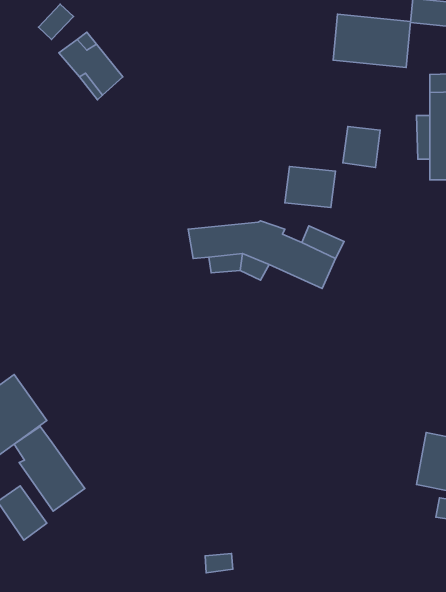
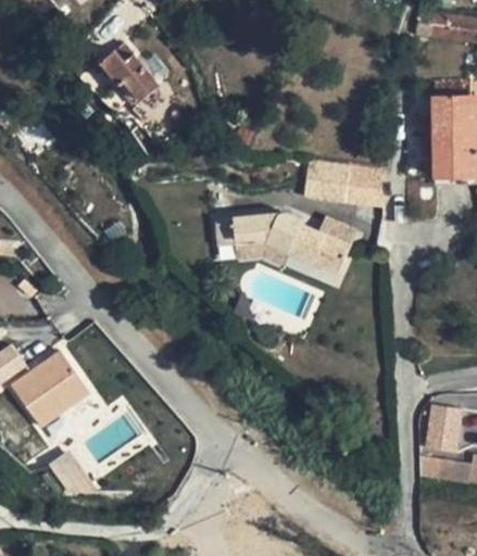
building: [333,14,411,68] -> none
building: [343,126,380,168] -> [344,168,378,205]
building: [14,426,85,511] -> none

